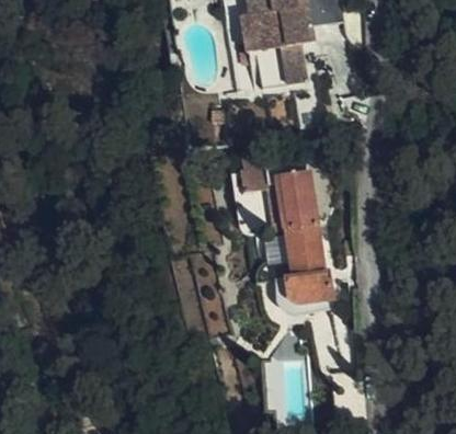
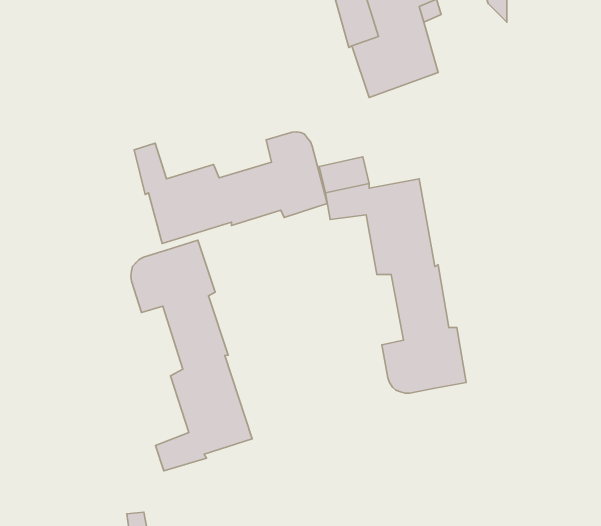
building: none -> [134,132,327,244]
building: none -> [131,240,252,471]

